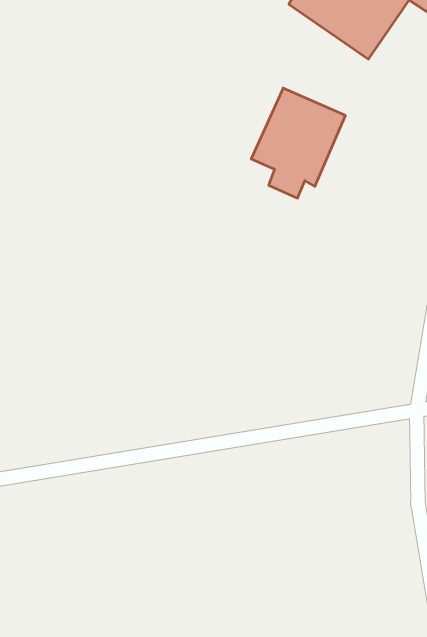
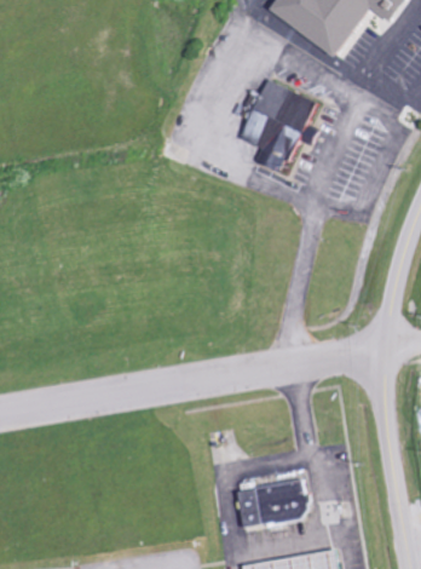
building: none -> [233,478,307,523]

